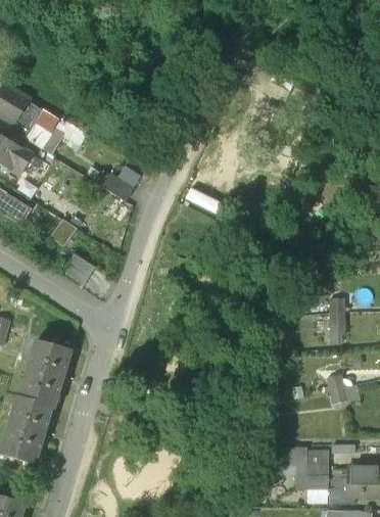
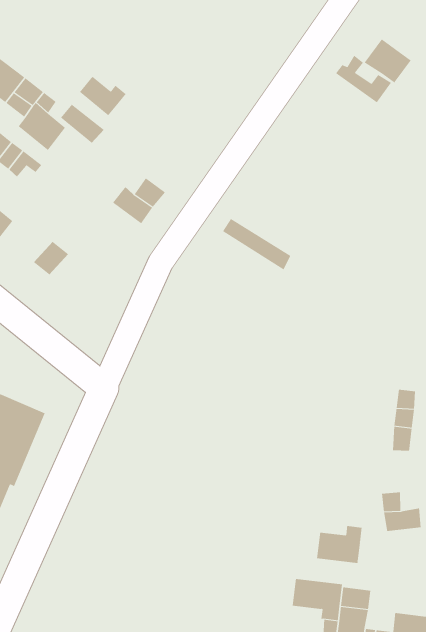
building: none -> [364,38,411,83]
building: none -> [79,76,126,116]
building: [61,253,94,287] -> none
building: none -> [317,525,362,564]

